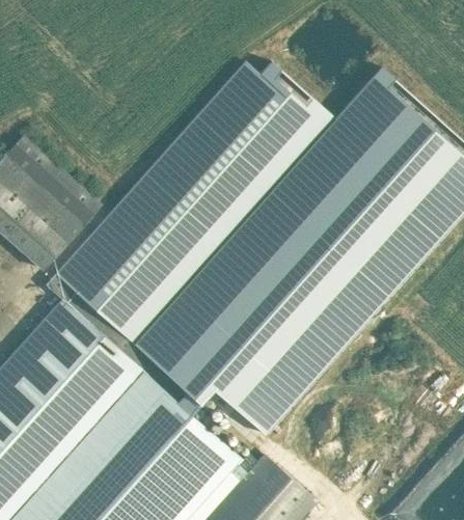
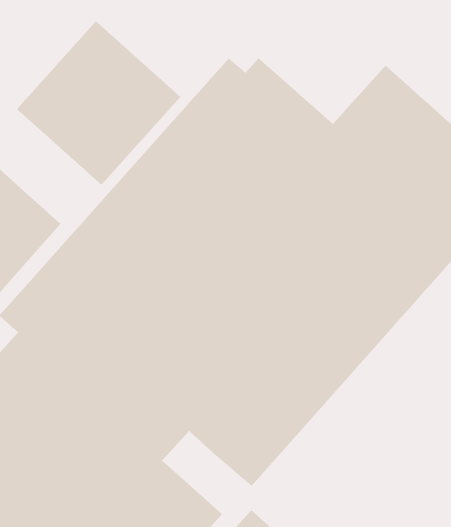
building: none -> [16,21,181,186]

